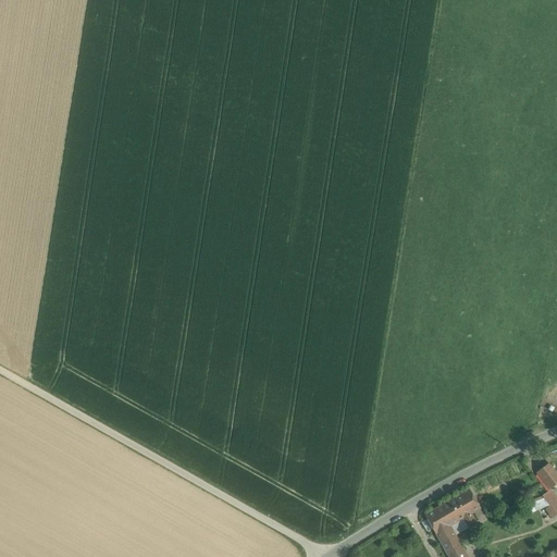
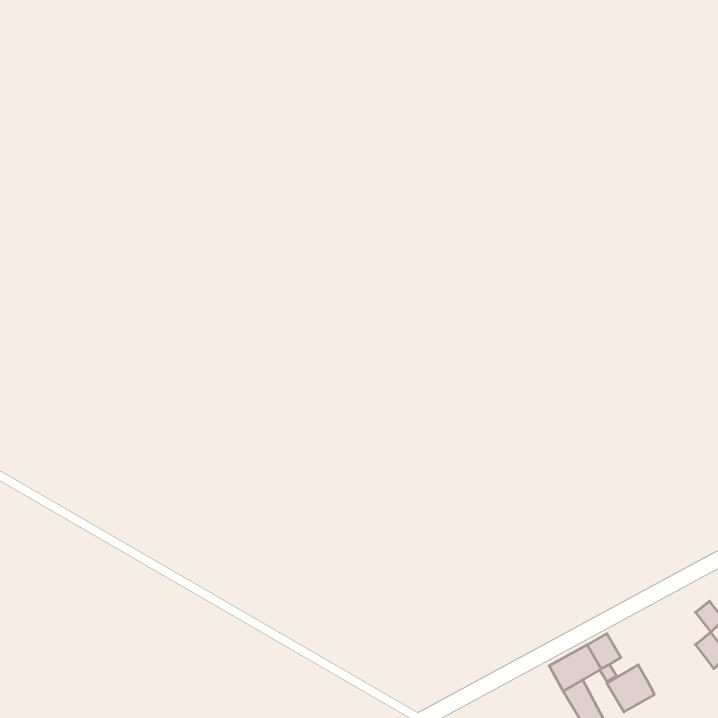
building: none -> [607,665,654,712]

